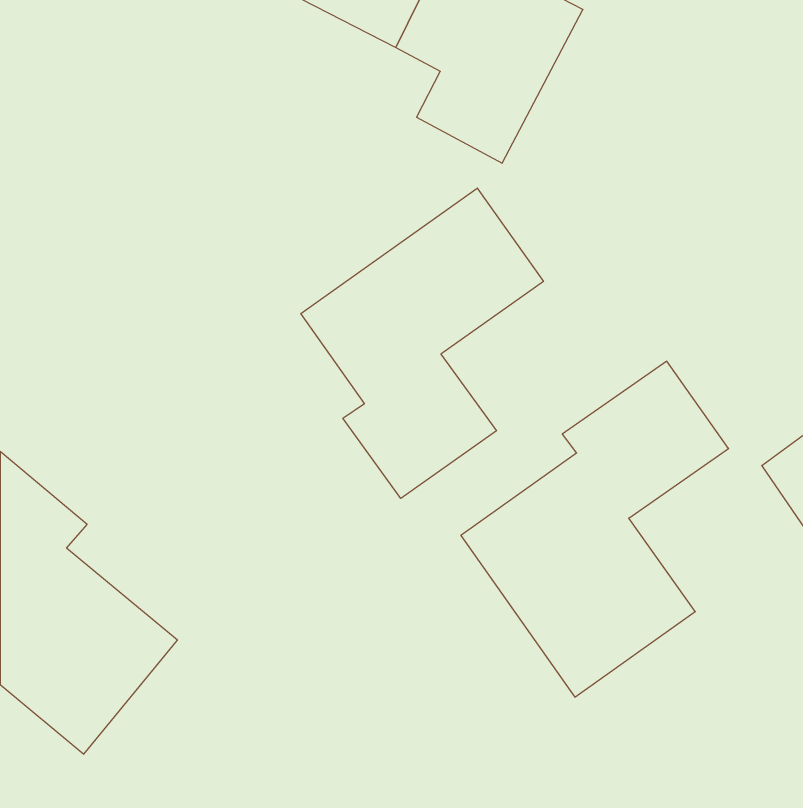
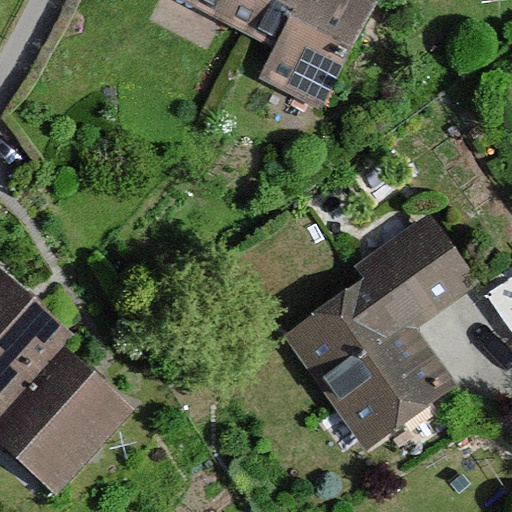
building: [301,188,543,498] -> none

